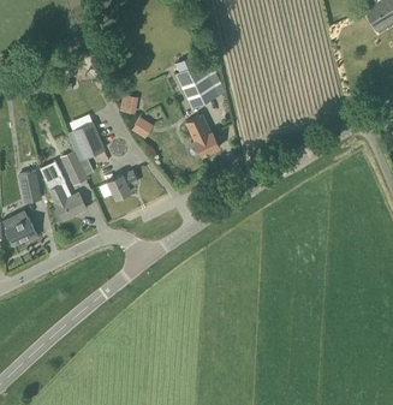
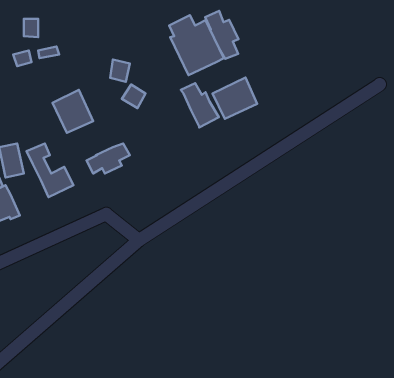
building: none -> [205,11,238,59]
building: none -> [212,78,257,119]
building: [60,150,89,185] -> none

